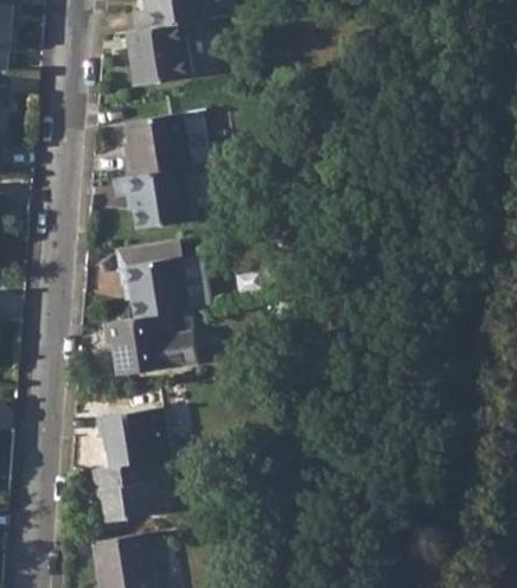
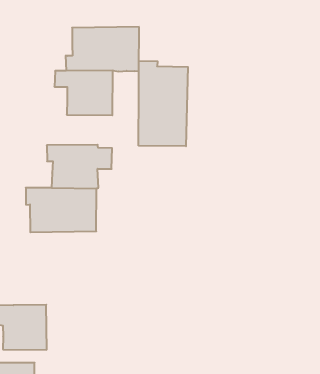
building: none -> [139,61,188,146]
building: [94,407,167,465] -> none

